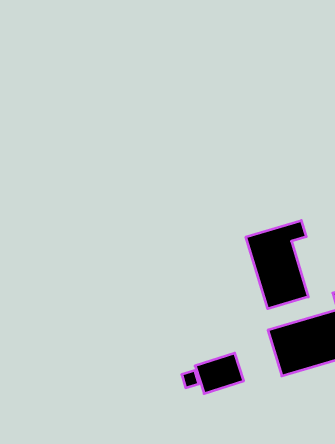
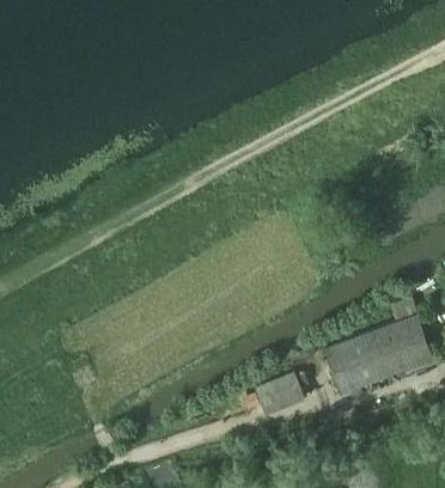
building: [246,220,308,309] -> none

